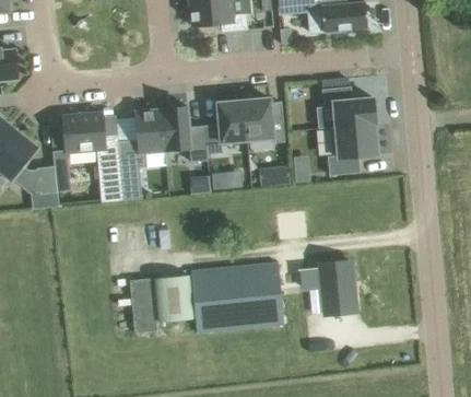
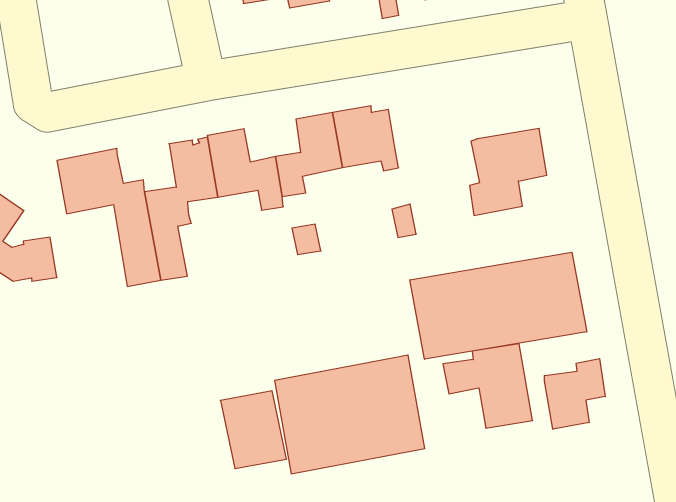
building: [320,85,376,126] -> none
building: none -> [410,252,587,359]
building: none -> [544,359,605,429]
building: [128,277,156,332] -> none

